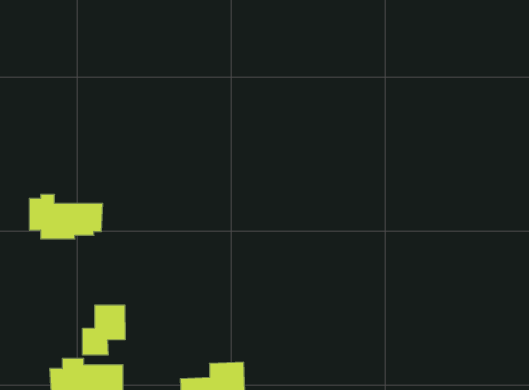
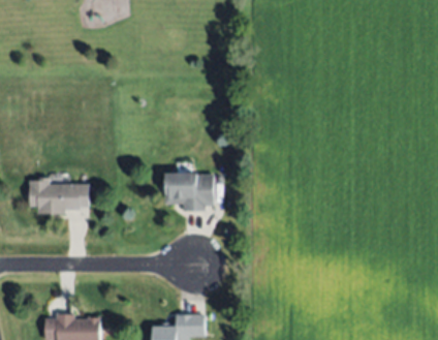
building: none -> [164,174,214,211]
building: [83,305,125,355] -> none

